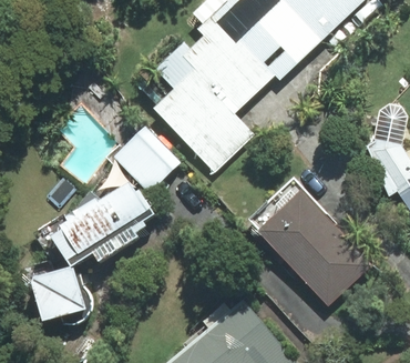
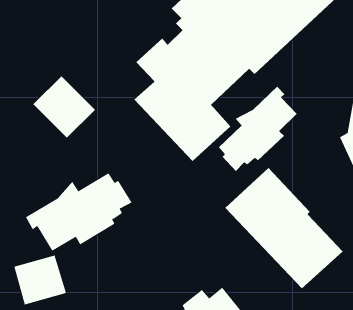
building: none -> [218,86,298,172]
building: [113,128,178,193] -> [33,75,96,139]

